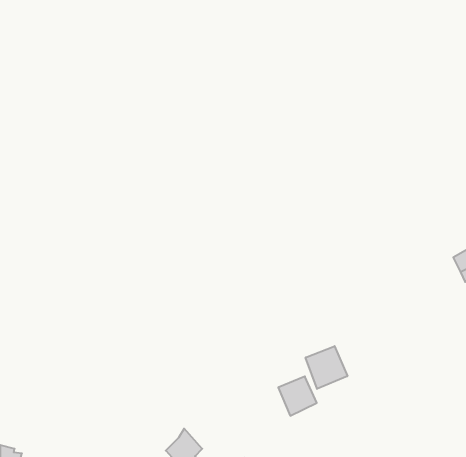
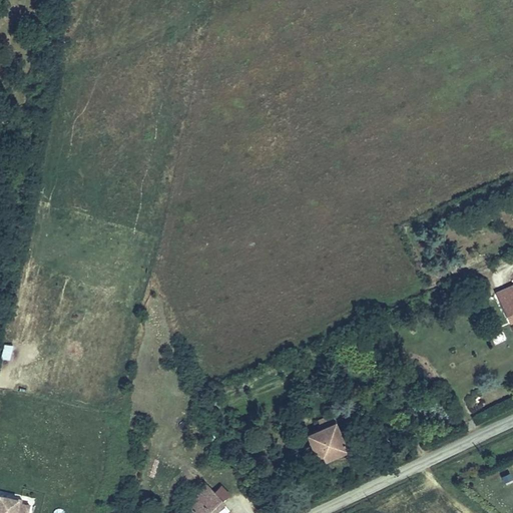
building: [306,346,347,389] -> none

